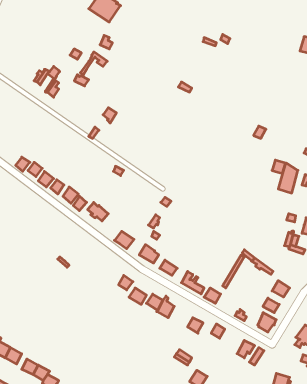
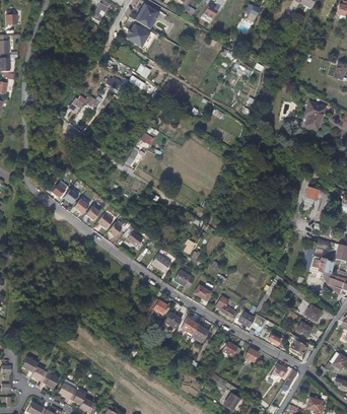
building: none -> [303,99,325,129]

